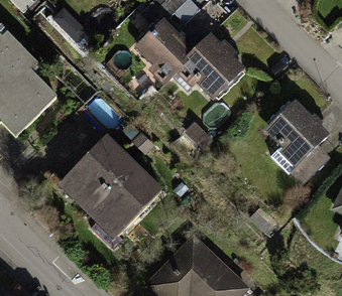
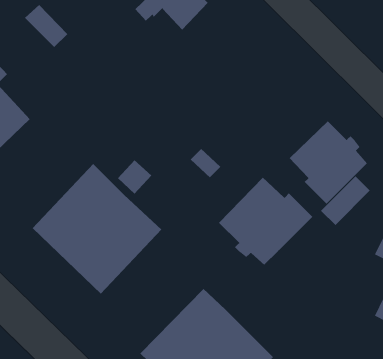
building: [135,16,244,97] -> none
building: none -> [218,177,313,266]

